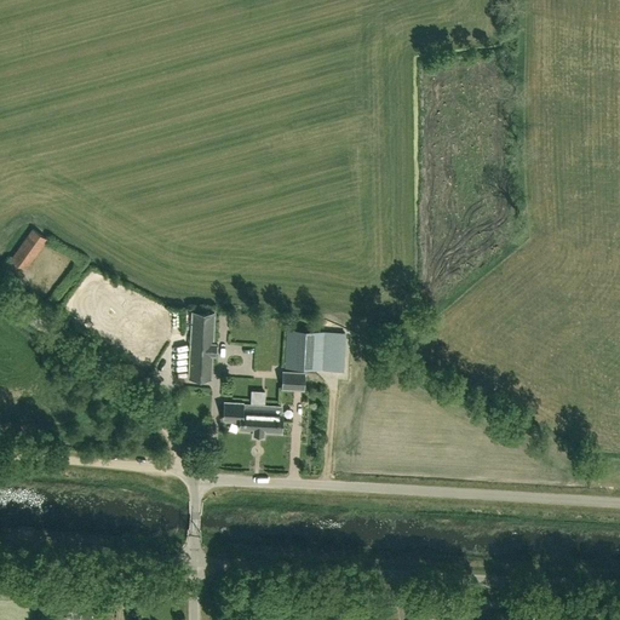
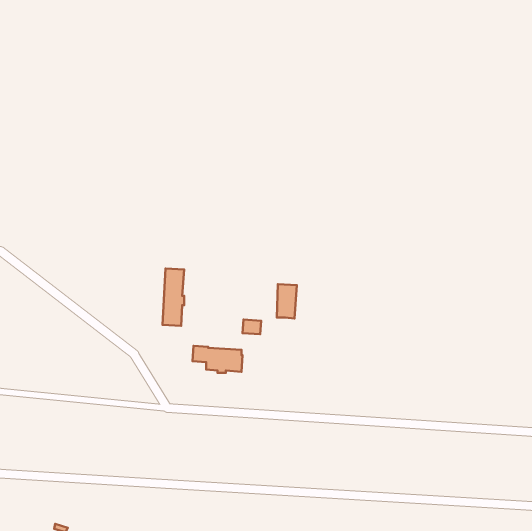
building: [11,230,46,270] -> none
building: [280,329,318,369] -> none

